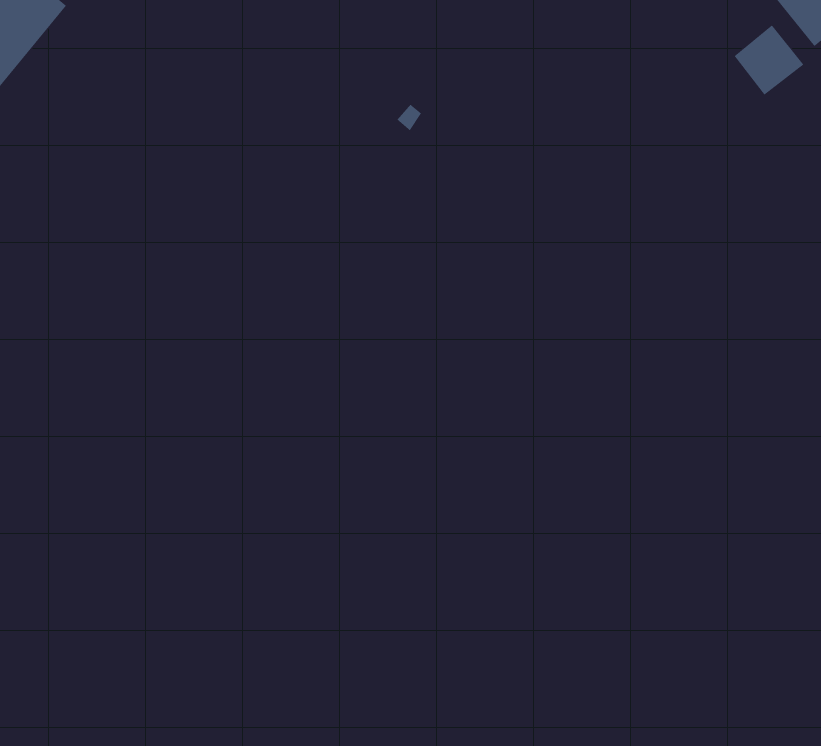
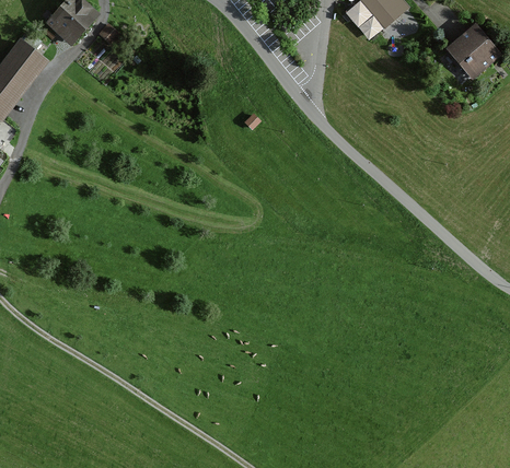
building: [734,24,804,96] -> none

